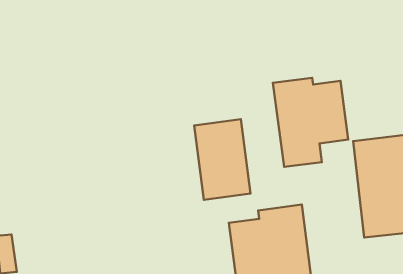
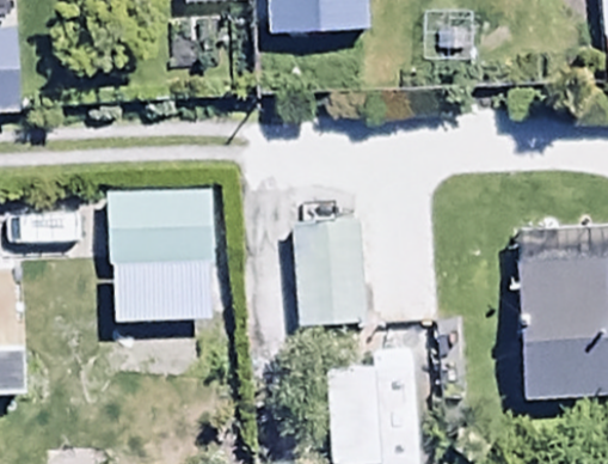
building: [273,78,348,167] -> none
building: none -> [106,182,215,319]

